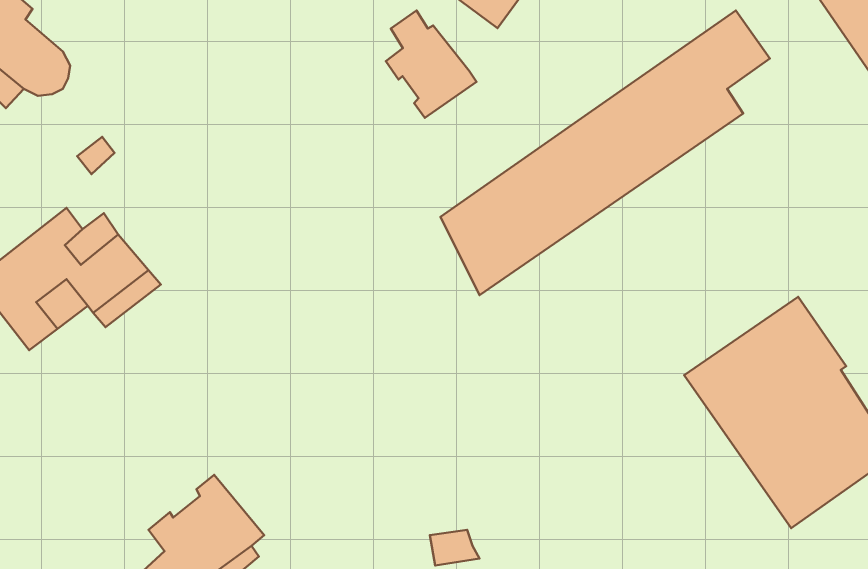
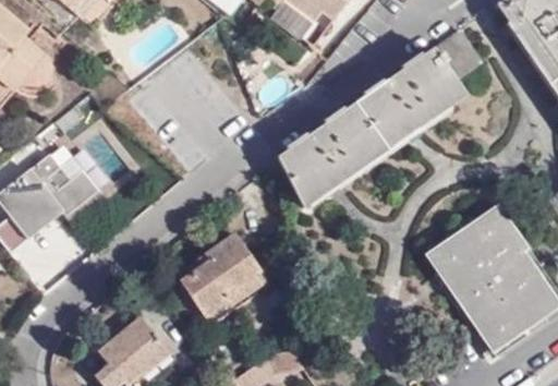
building: [386,11,476,118] -> none
building: none -> [182,234,260,323]

